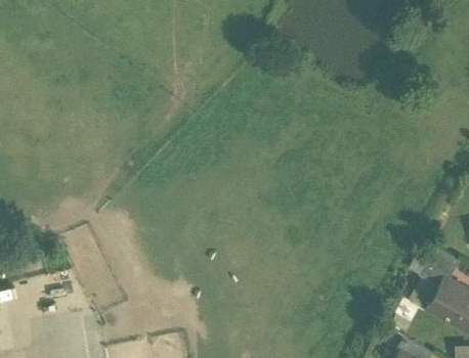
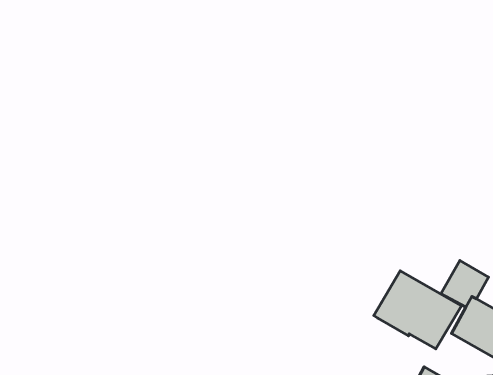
building: none -> [374,271,461,349]

